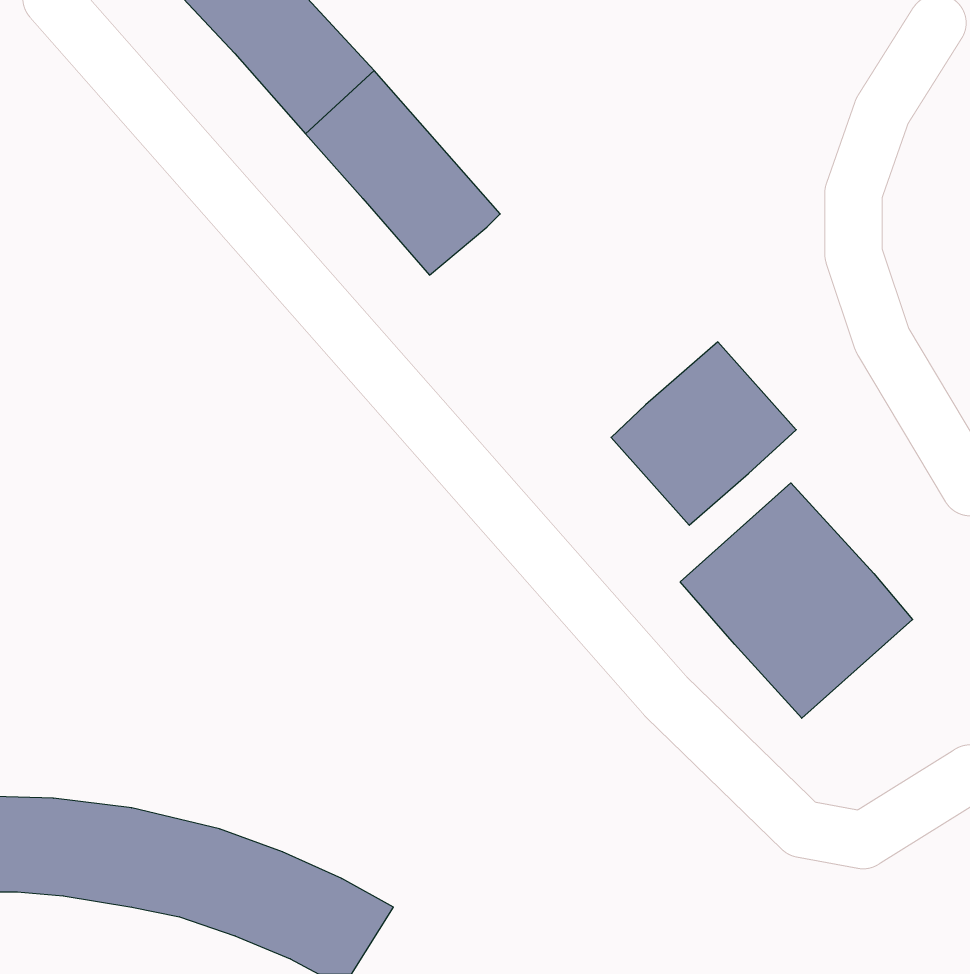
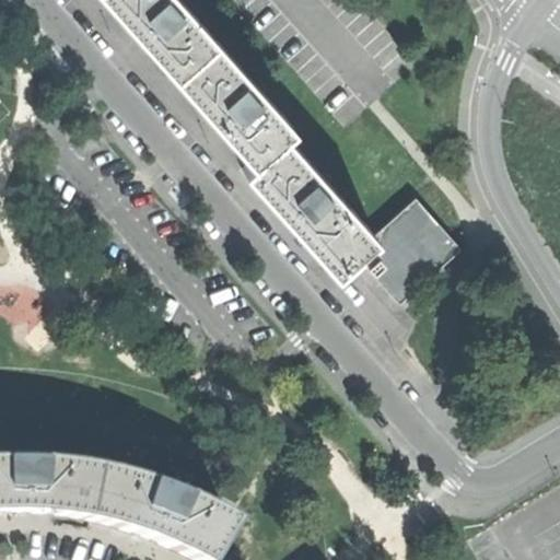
building: none -> [238,130,370,268]
building: [680,483,913,718] -> none

